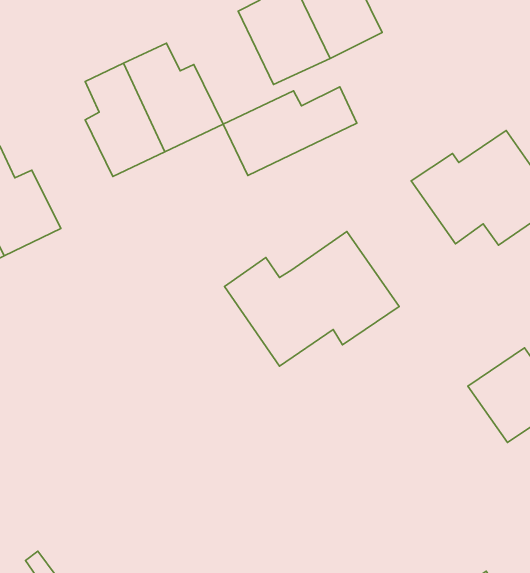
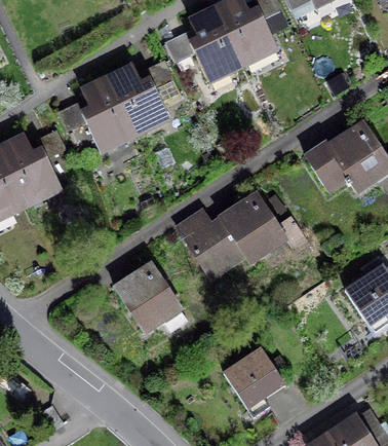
building: [223,87,357,175] -> none
building: none -> [113,262,185,337]
building: none -> [222,348,283,410]

